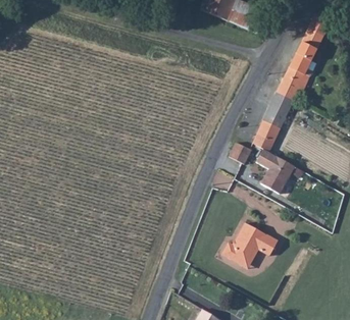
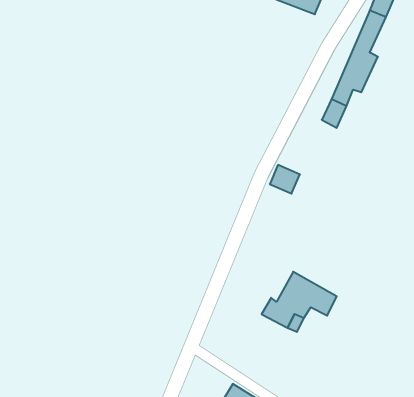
building: [253,111,280,153] -> none
building: [265,158,297,195] -> none

